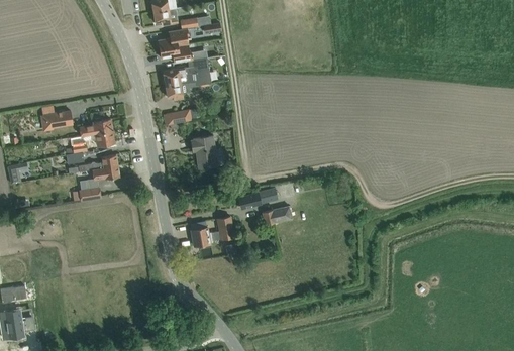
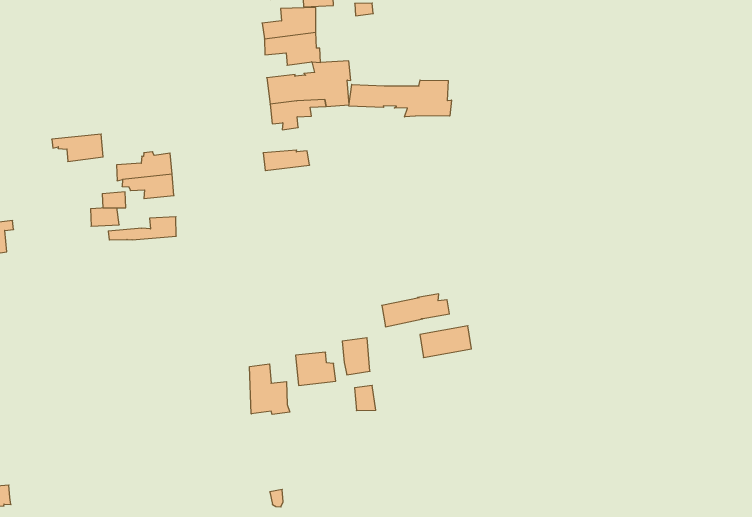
building: none -> [349,80,451,117]
building: [191,135,217,167] -> none
building: [79,165,119,200] -> none
building: none -> [250,364,290,414]

